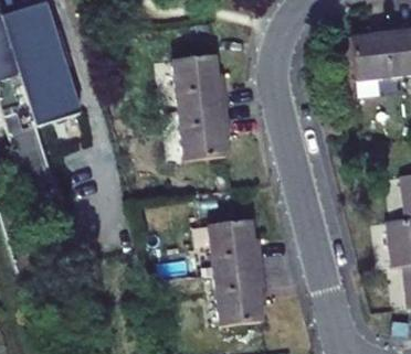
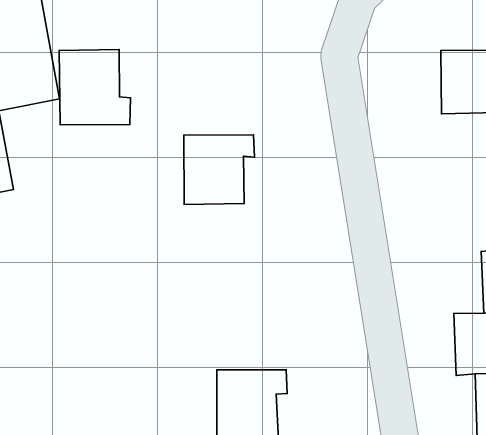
building: [171,64,225,120] -> [59,49,131,125]
building: [210,226,263,282] -> none

